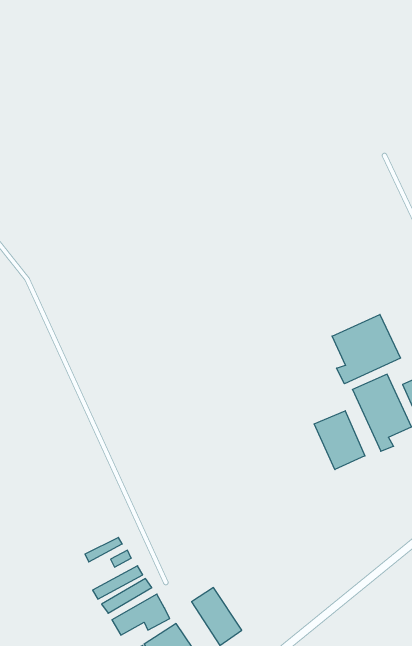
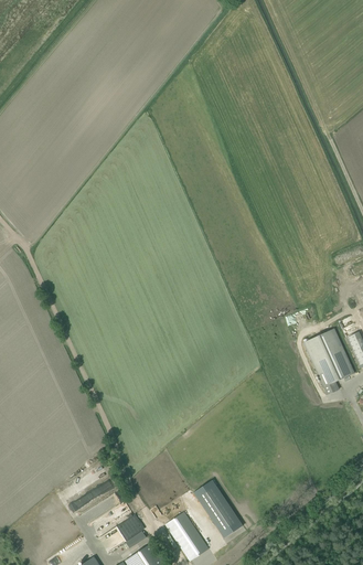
building: [332,314,400,384] -> none
building: [314,411,365,470] -> none
building: none -> [194,480,244,537]

